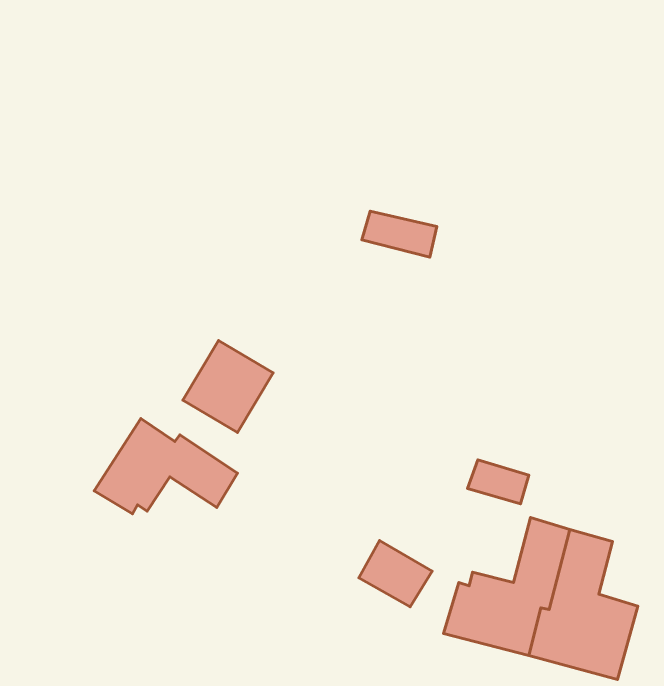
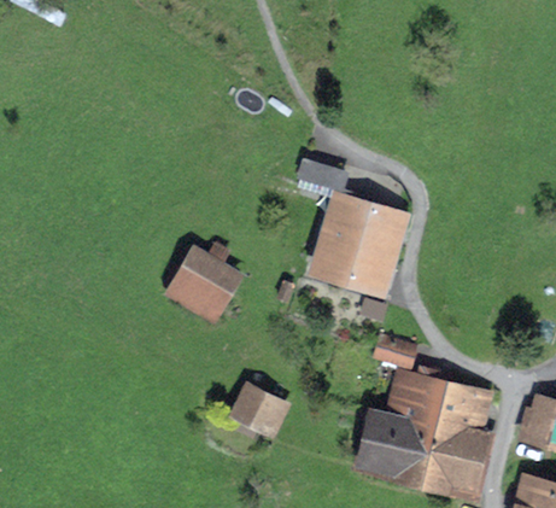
building: none -> [316,194,400,285]
building: [94,419,237,514] -> none
building: [359,540,432,607] -> [233,383,285,430]

